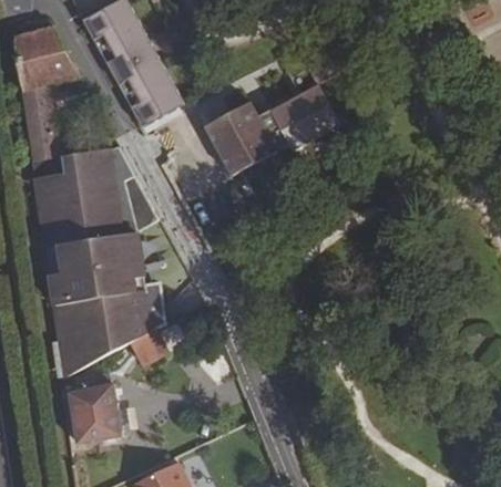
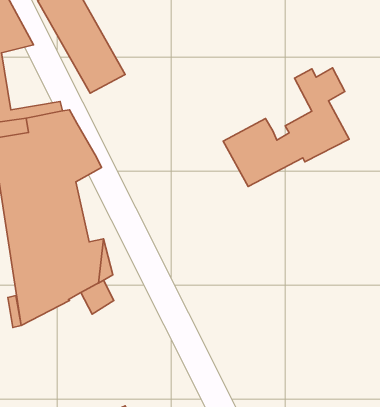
building: [206,46,341,174] -> [223,68,349,187]
building: [70,370,122,441] -> none

